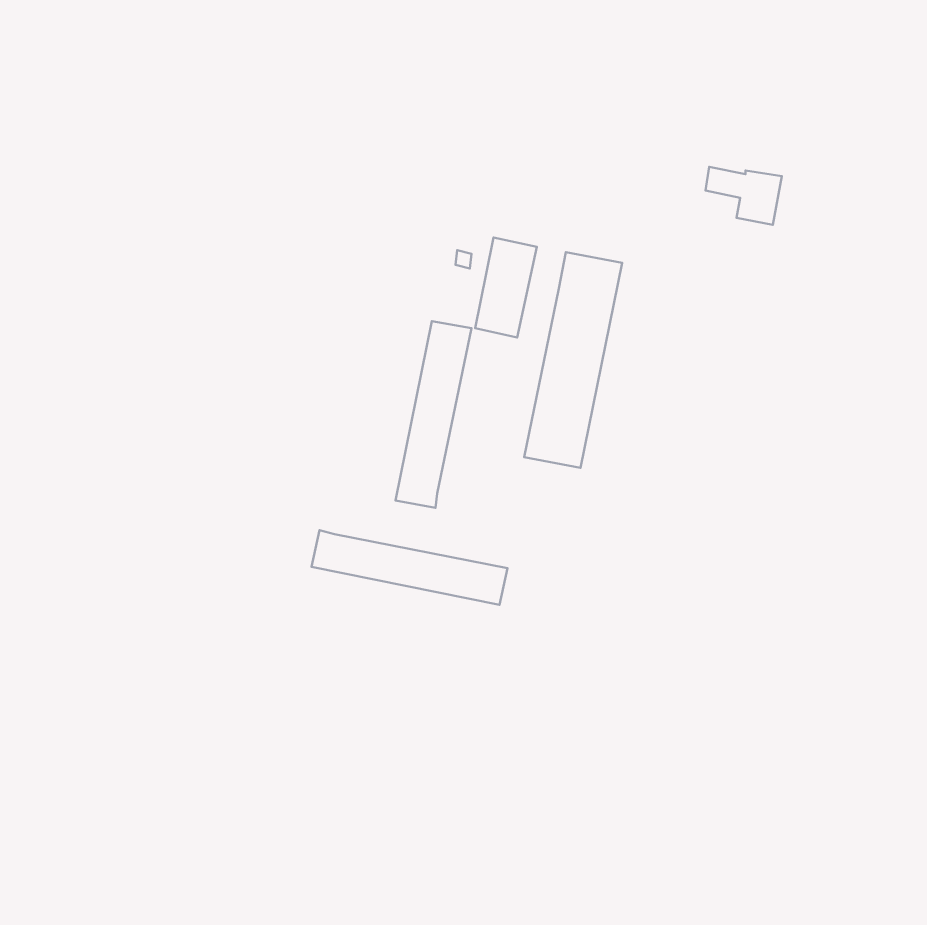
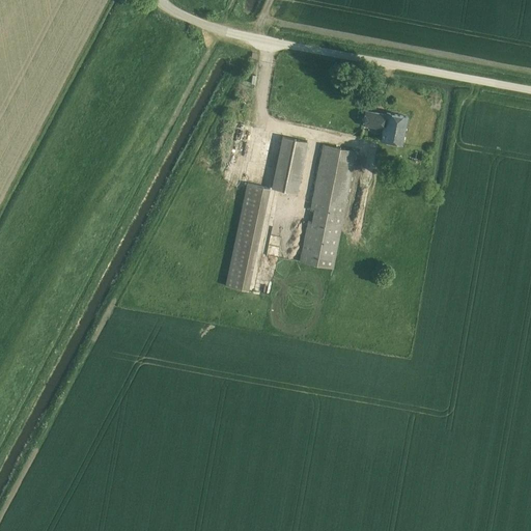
building: [706,167,782,225] -> [363,112,407,145]
building: [311,530,508,605] -> none

